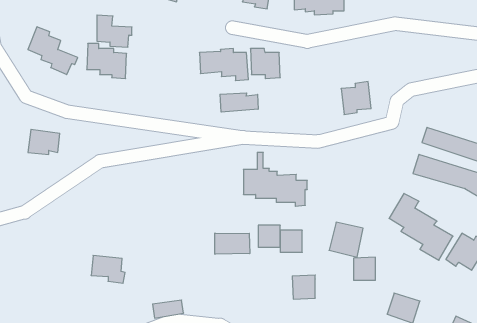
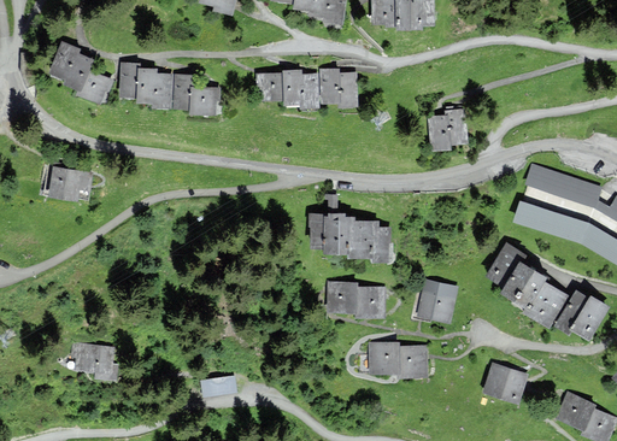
building: [97,15,132,47] -> [176,75,218,113]
building: [220,93,258,112] -> none
building: [215,233,250,254] -> none
building: [91,255,125,283] -> [75,345,116,378]
building: [354,257,375,280] -> [398,347,424,375]

